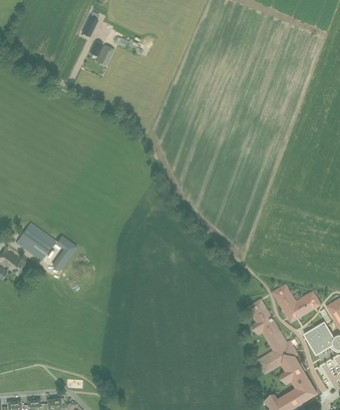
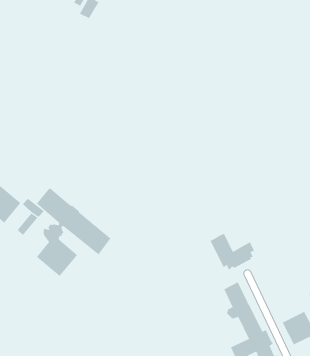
building: none -> [36,187,111,277]
building: [274,286,316,320] -> [210,233,255,270]

